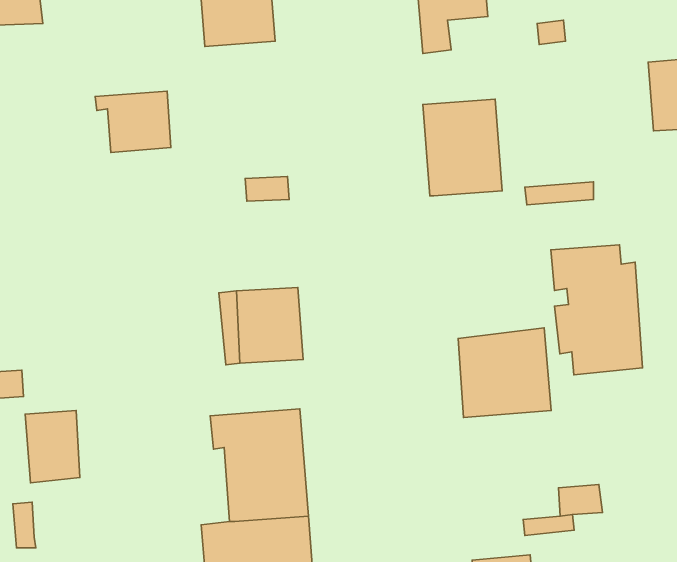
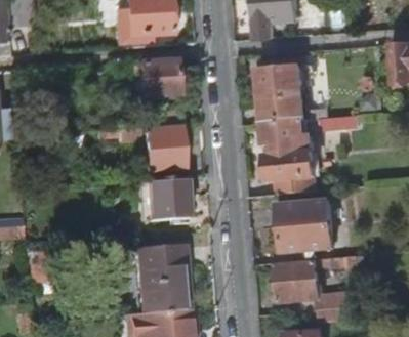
building: [95,91,171,153] -> [131,60,175,96]
building: none -> [142,127,181,169]
building: [551,245,642,375] -> [262,120,316,196]
building: none -> [274,259,325,303]

